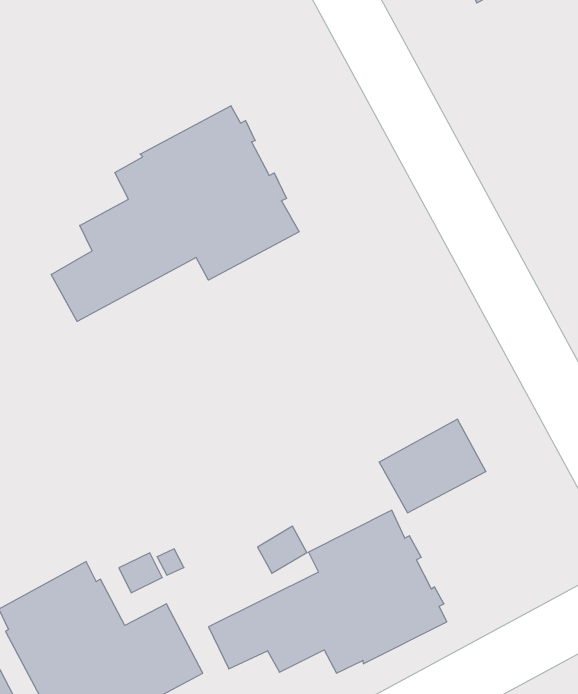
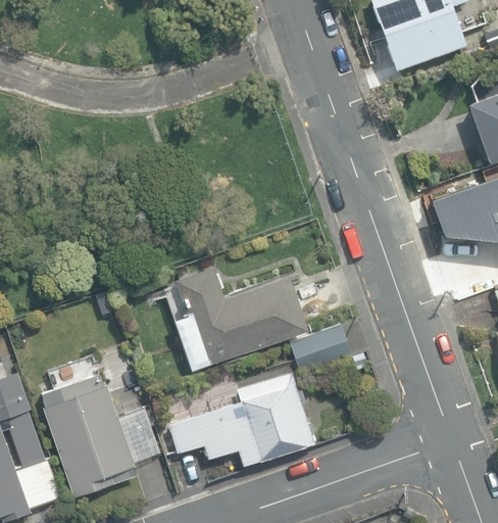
building: [51,106,299,321] -> none
building: none -> [172,268,306,372]

